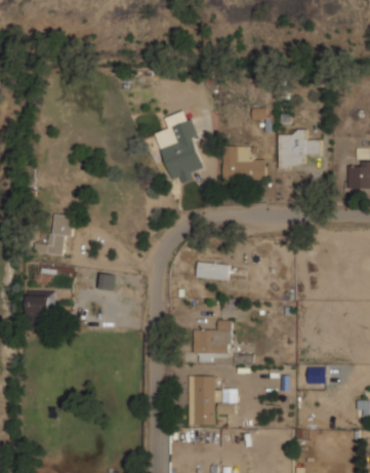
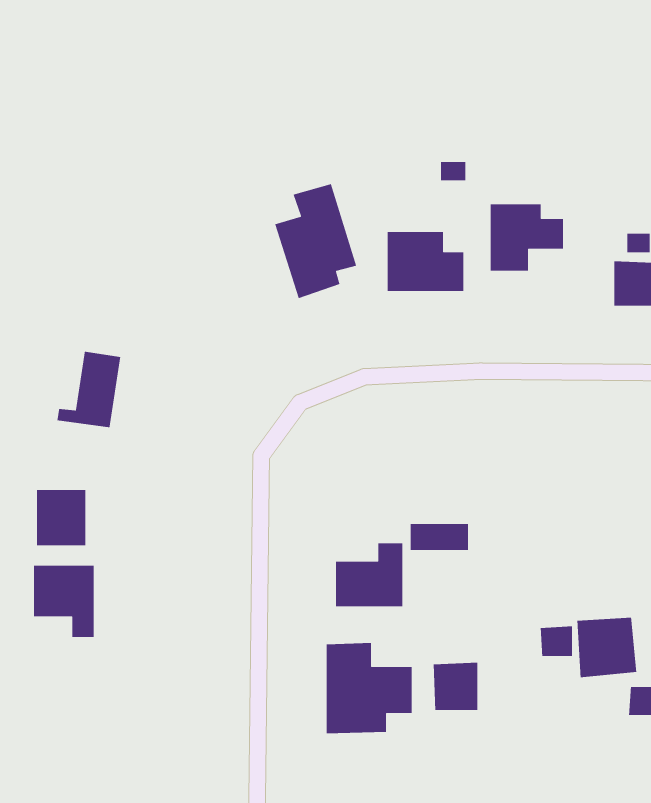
building: [197,263,230,278] -> [410,523,469,551]
building: none -> [33,565,95,638]
building: none -> [577,617,637,678]
building: none -> [433,662,478,711]

